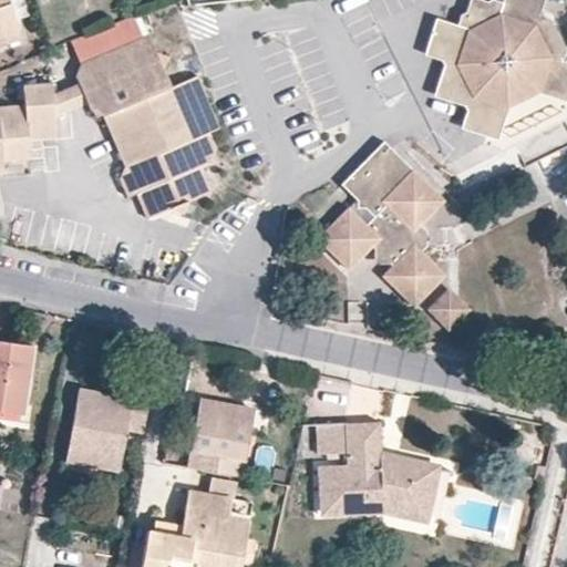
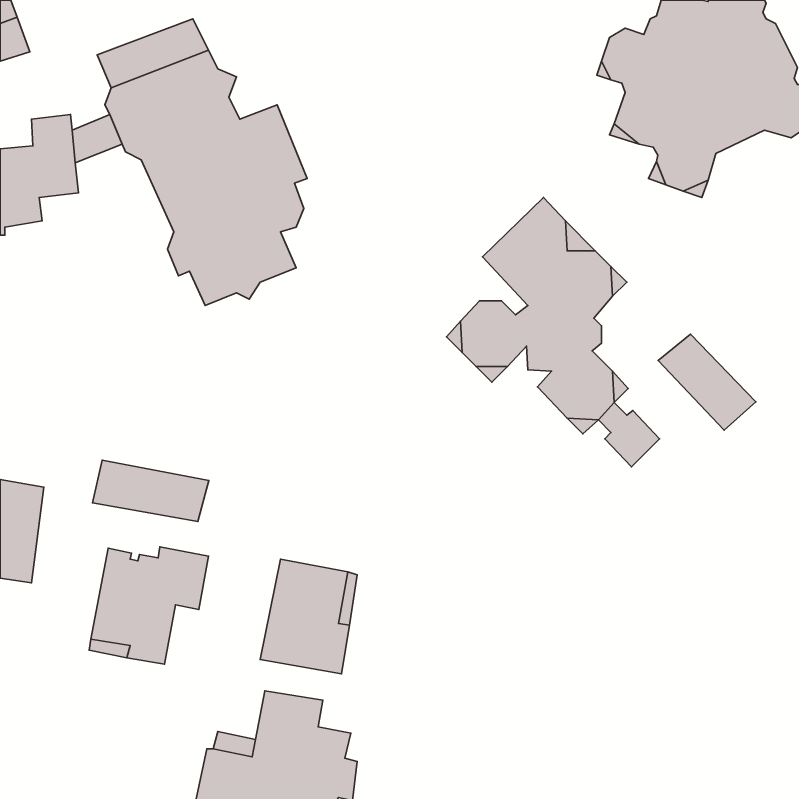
building: none -> [658,334,756,430]
building: none -> [93,460,209,522]
building: [317,422,439,523] -> none

